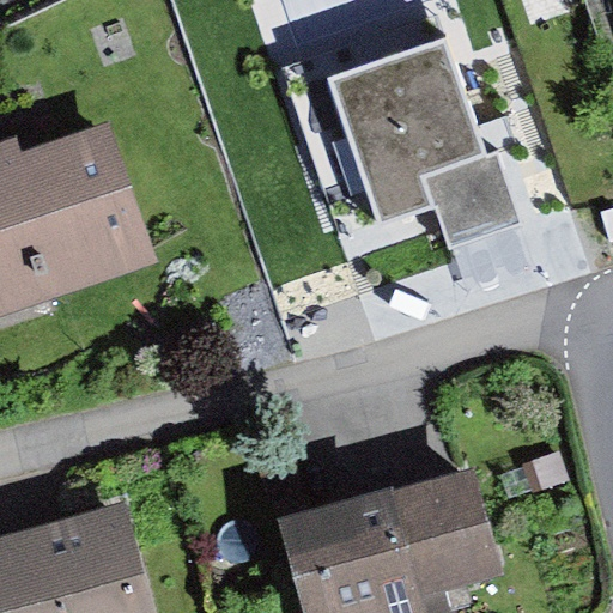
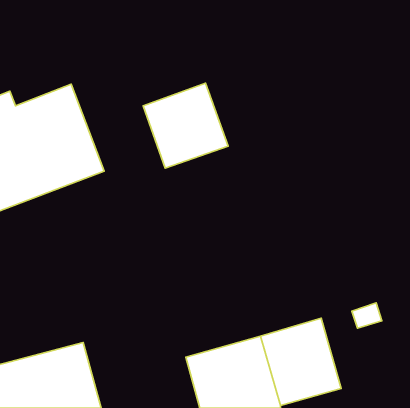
building: [326,42,520,248] -> none
building: none -> [143,83,228,168]

